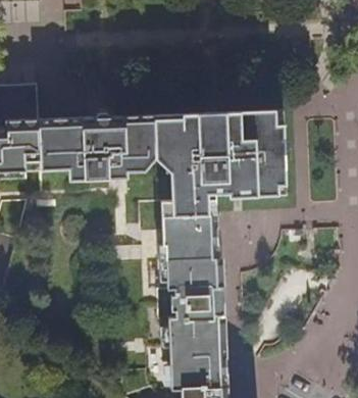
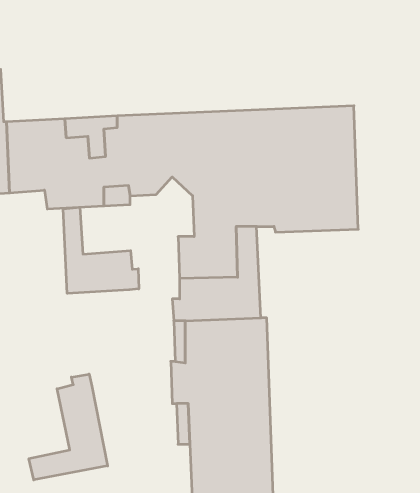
building: none -> [63,207,139,293]
building: none -> [29,374,108,480]

